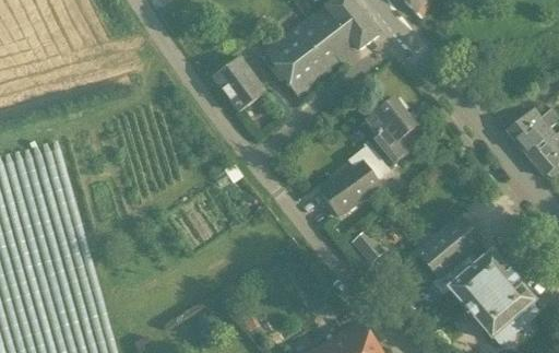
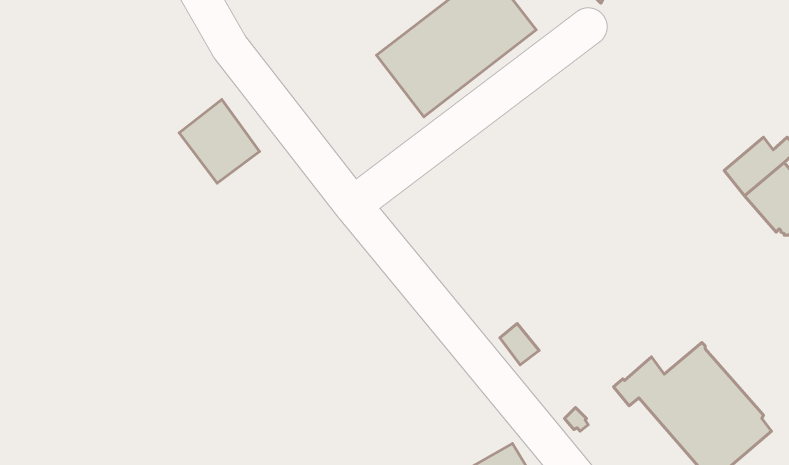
building: [212,55,267,113] -> [179,100,260,183]
building: [318,97,416,217] -> none
building: [419,216,481,276] -> none

